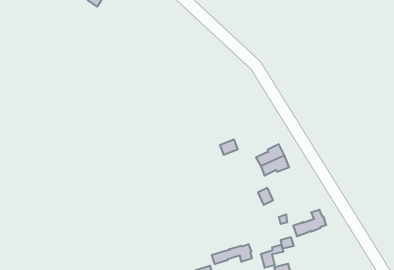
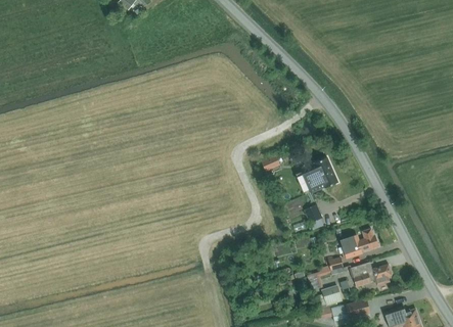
building: none -> [350,263,392,287]
building: [212,244,252,264] -> none

